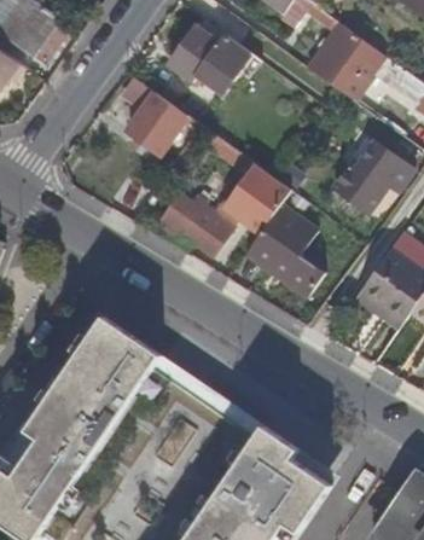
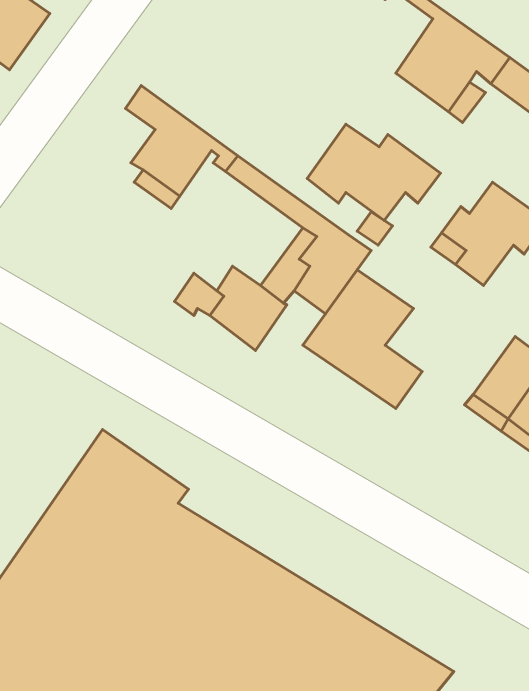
building: [170,28,262,94] -> [307,124,441,221]

